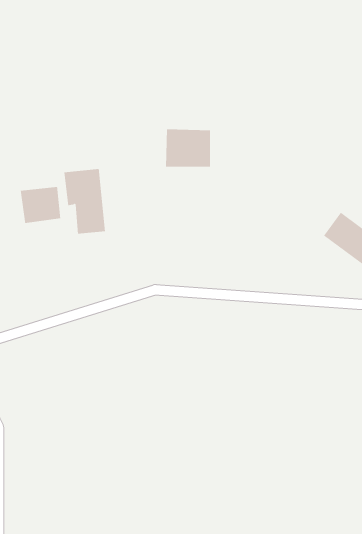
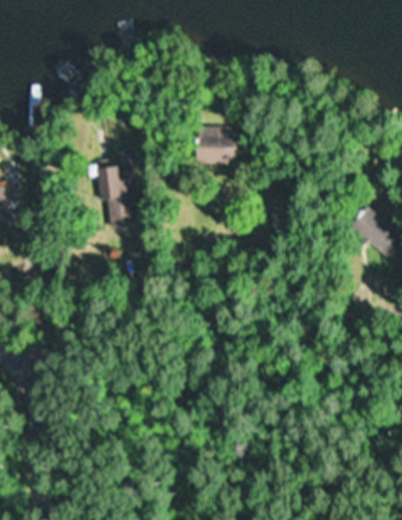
building: [20,186,61,224] -> none

